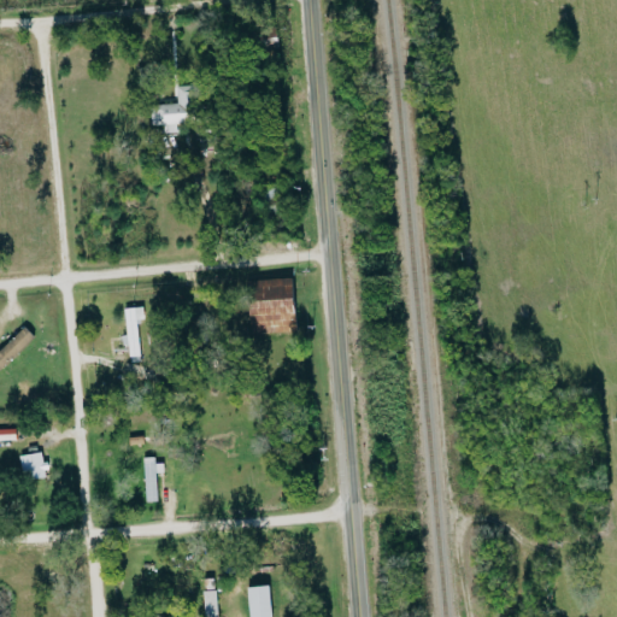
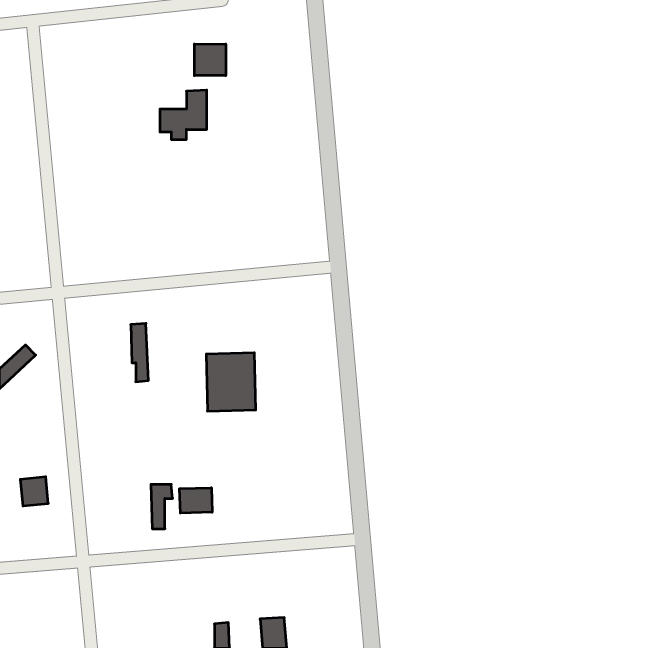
building: none -> [194,44,226,76]
building: [248,278,295,334] -> [206,353,256,411]
building: none -> [180,488,212,513]

